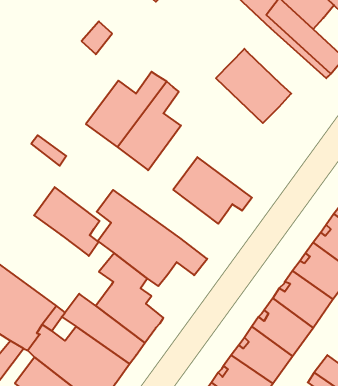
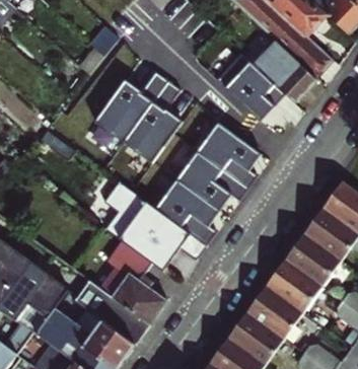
building: none -> [244,32,317,104]
building: none -> [198,124,261,190]
building: [34,187,100,256] -> [156,182,217,246]

